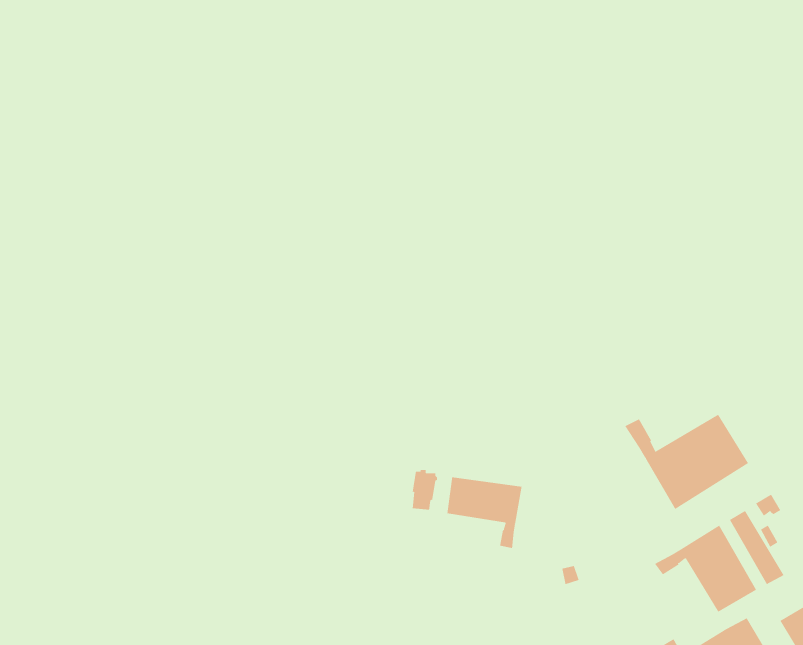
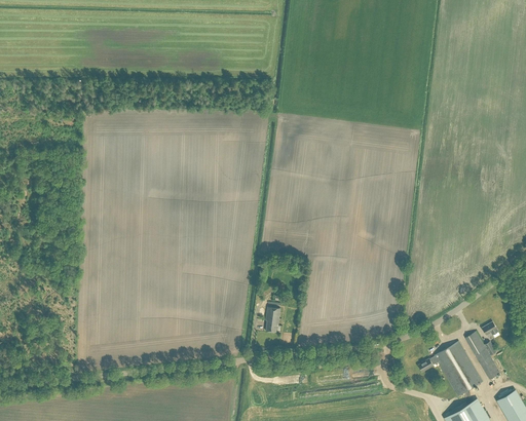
building: [624,414,749,510] -> none
building: [447,476,522,549] -> none

